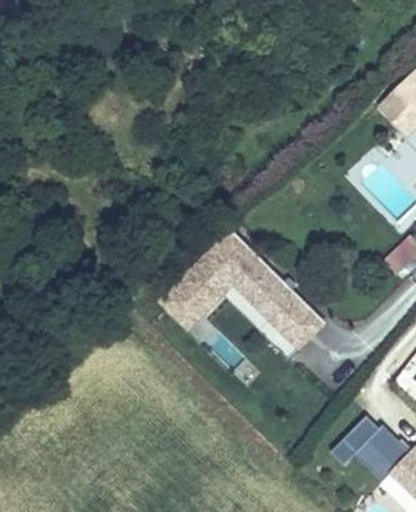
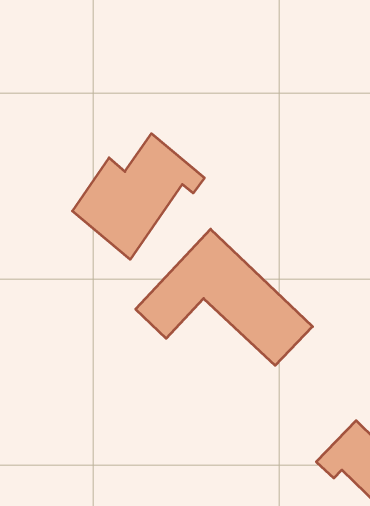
building: none -> [72,134,204,259]

